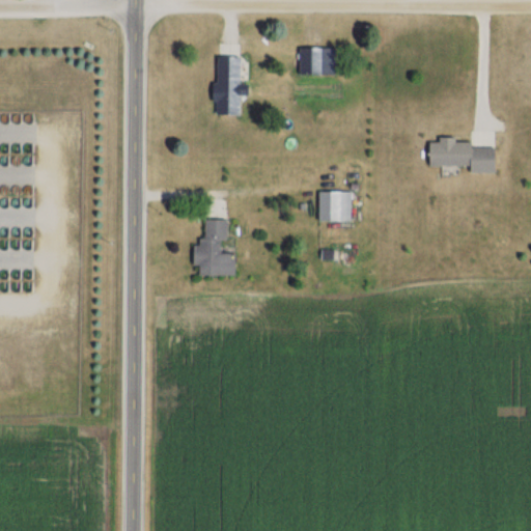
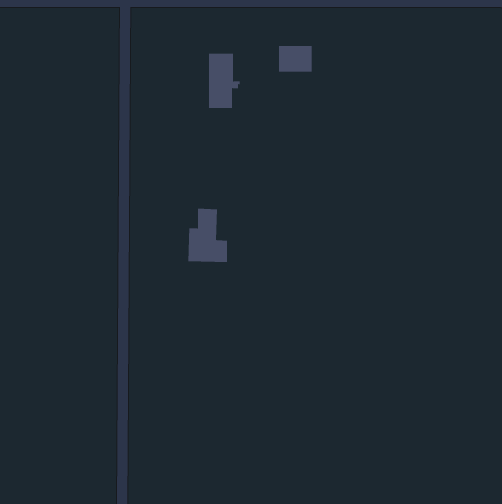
building: [421,143,487,173] -> none
building: [312,192,345,221] -> none

